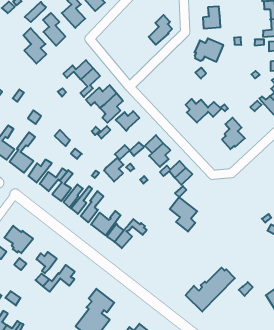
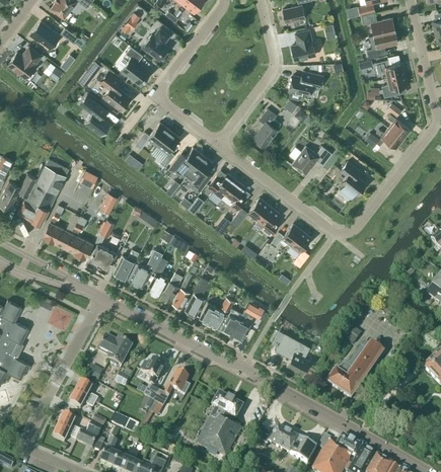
building: [149,15,172,45] -> [253,107,280,145]
building: [104,158,124,182] -> [222,179,245,209]
building: [170,197,197,232] -> [276,333,309,373]

